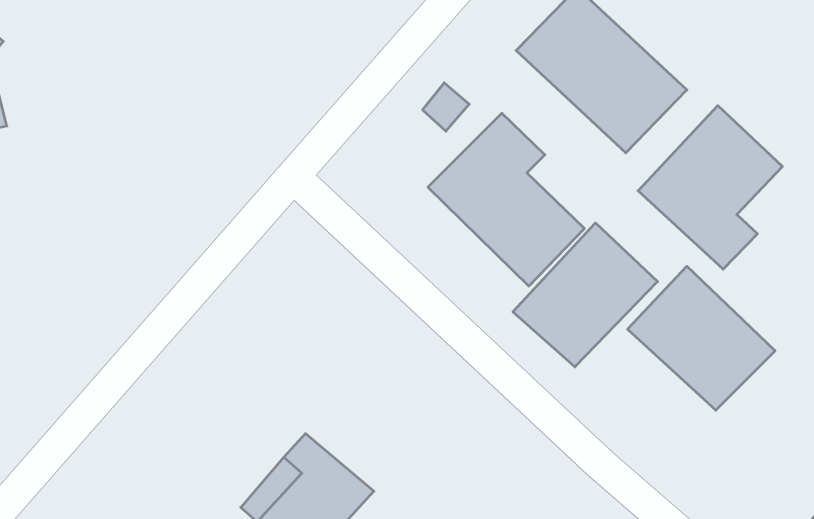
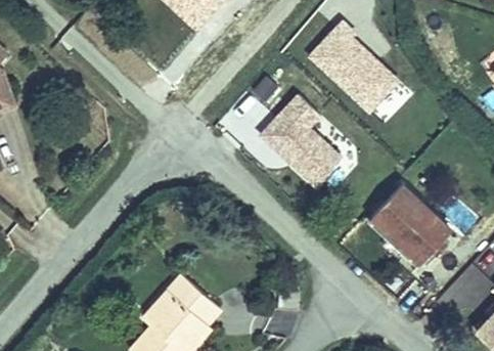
building: [638,106,782,269] -> none
building: [513,223,658,367] -> none

